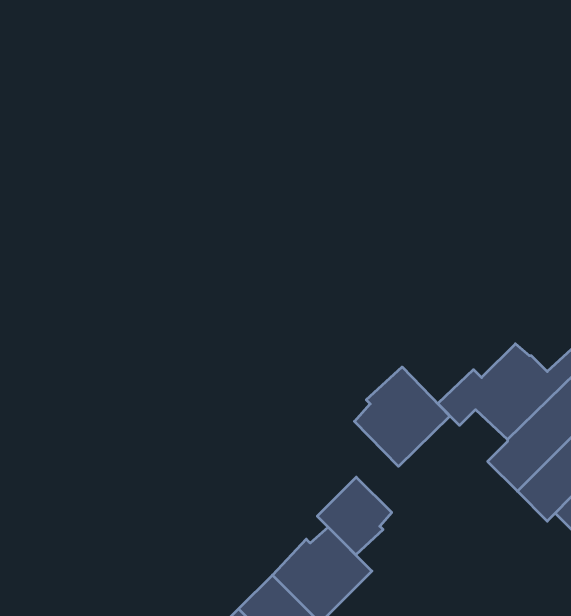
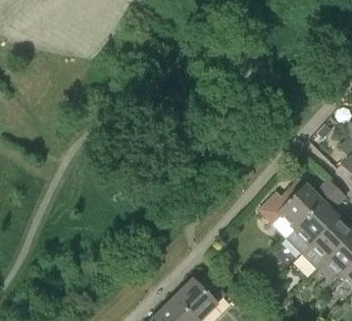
building: [354,367,450,466] -> none
building: [317,477,392,555] -> none

